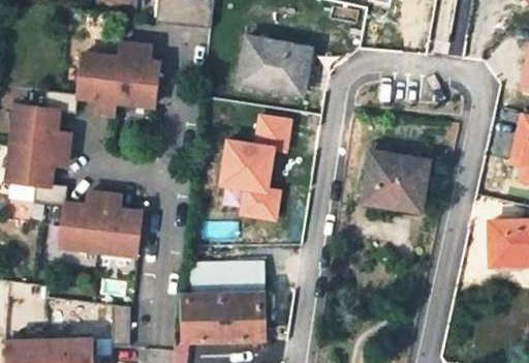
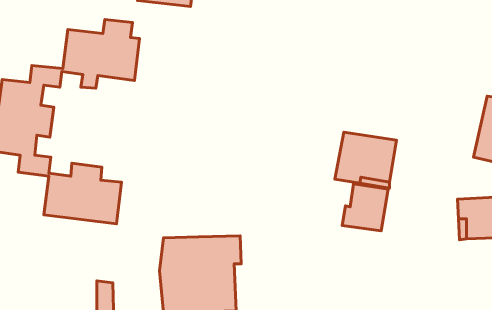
building: [238,39,309,95] -> none
building: [217,118,292,228] -> none
building: none -> [342,184,388,231]

